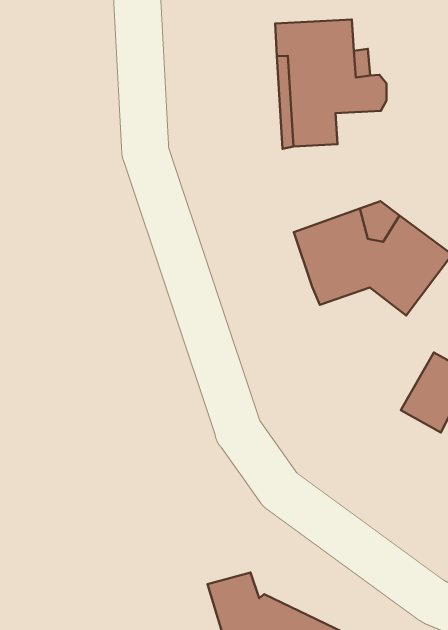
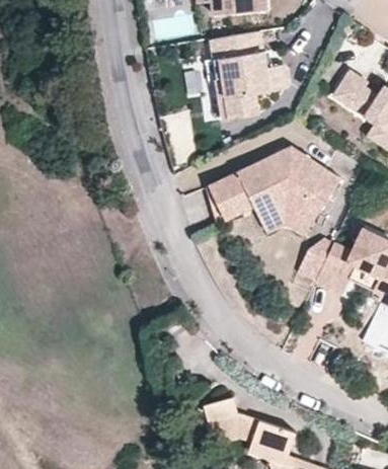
building: none -> [208,173,250,220]
building: none -> [256,205,313,234]
building: none -> [297,235,334,281]

